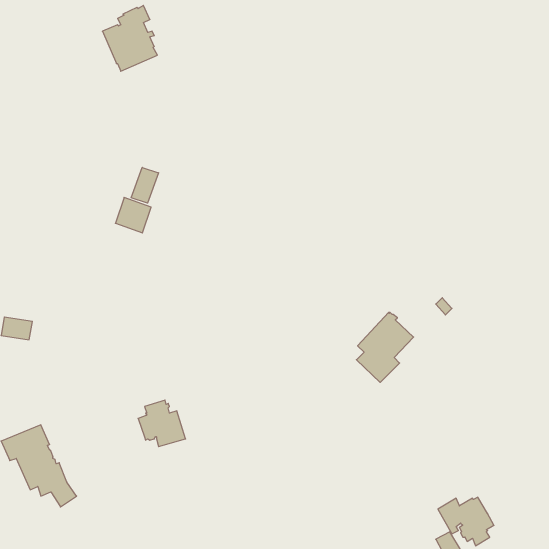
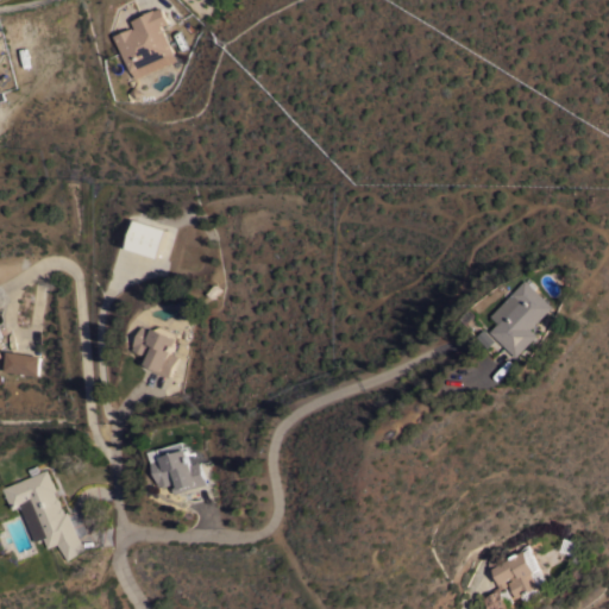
building: [131,167,159,203] -> none
building: none -> [133,327,177,378]
building: [356,312,414,382] -> [494,281,557,358]

